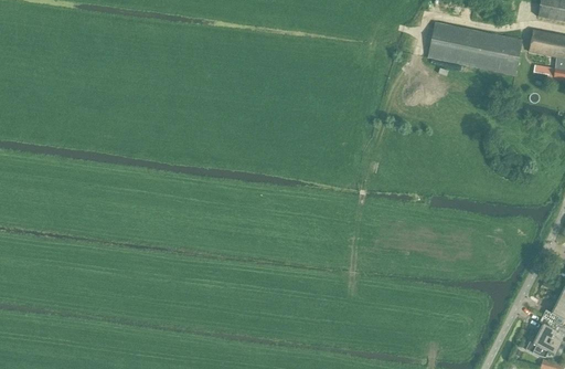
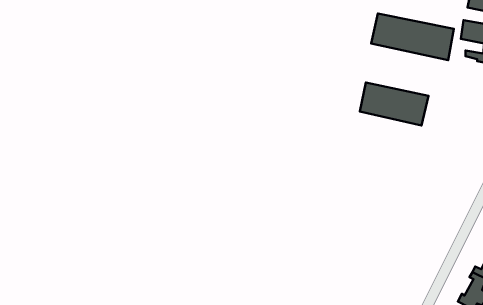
building: none -> [360,82,429,126]

